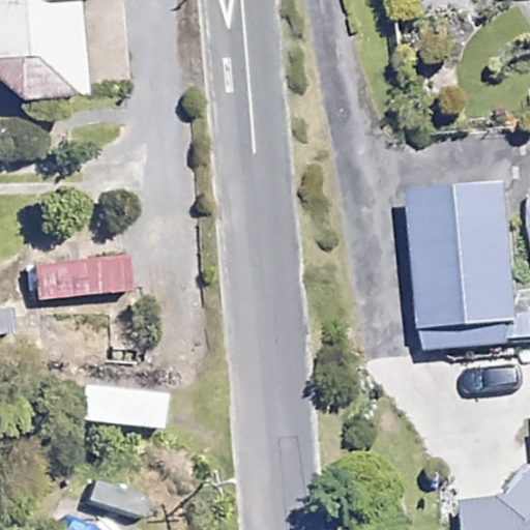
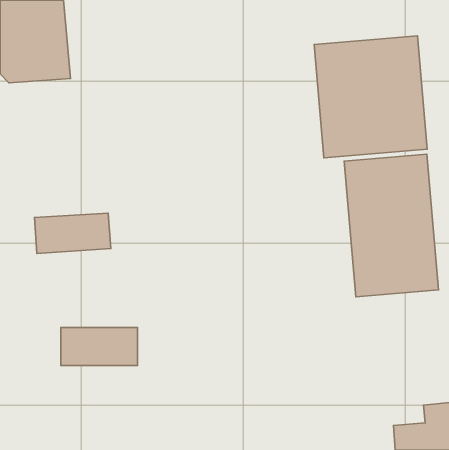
building: none -> [314,36,427,158]

